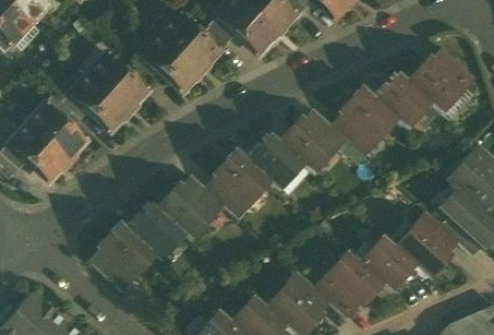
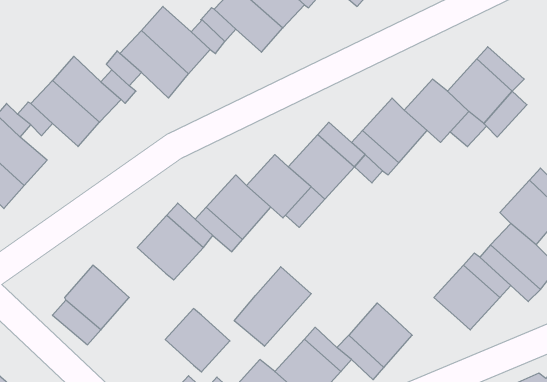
building: [129,203,181,254] -> [165,309,230,372]
building: none -> [234,267,311,346]
building: [364,238,417,290] -> none

